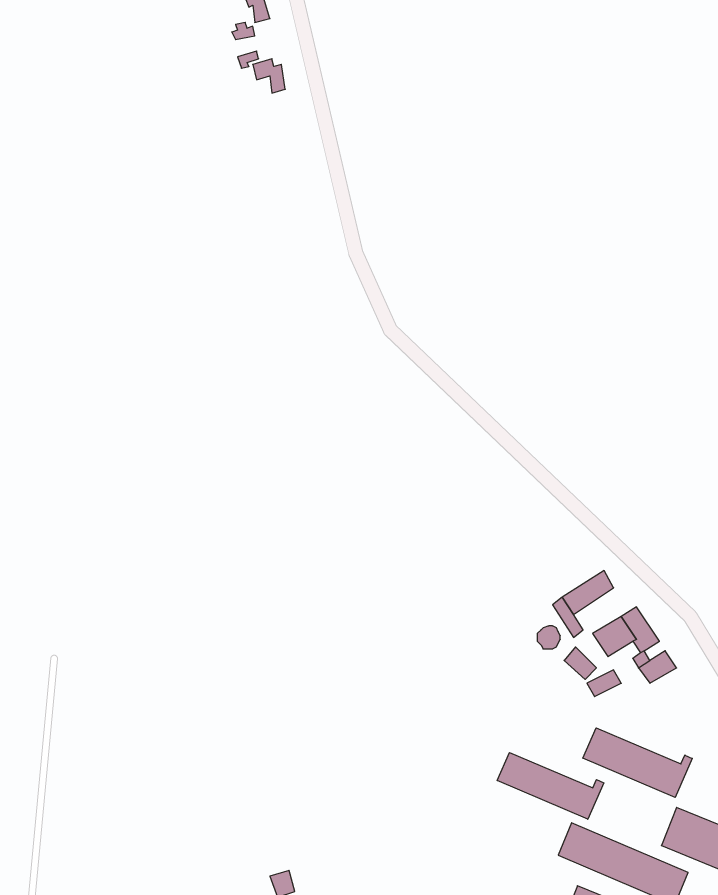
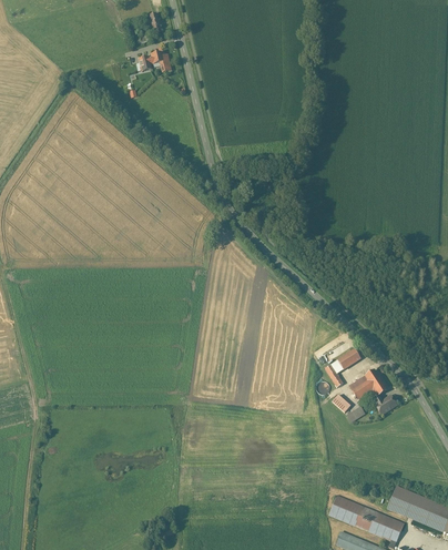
building: [583,728,692,797] -> none
building: [497,753,604,819] -> none

